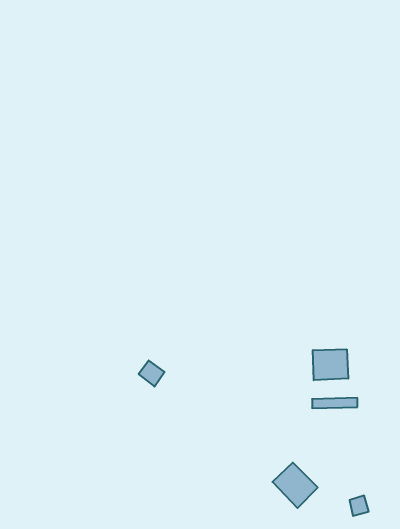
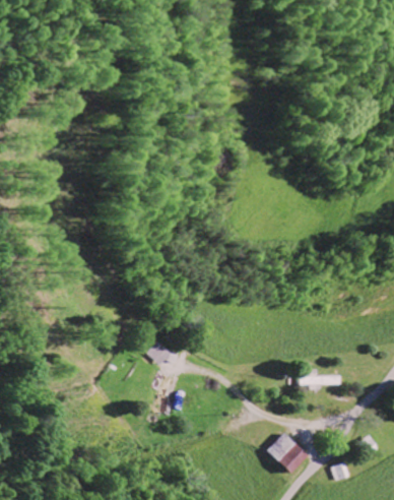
building: [313,349,348,380] -> none

